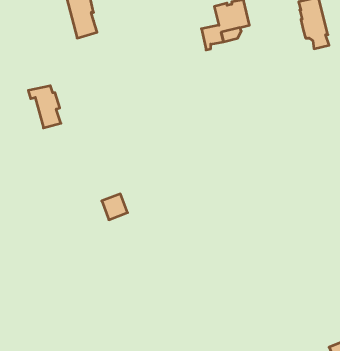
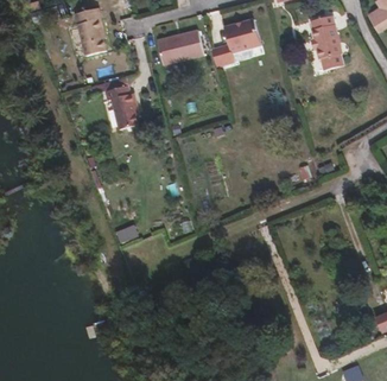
building: none -> [158,28,203,58]
building: [28,86,61,128] -> [106,84,139,127]

